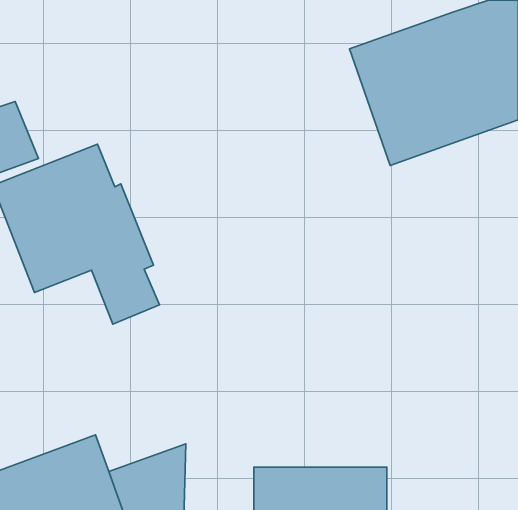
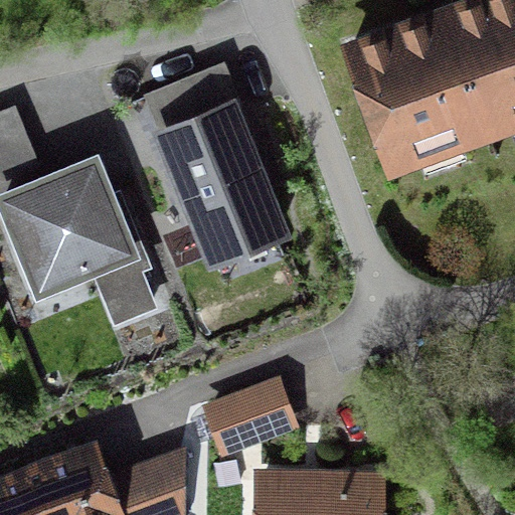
building: none -> [141,66,291,268]
building: none -> [200,379,299,462]

